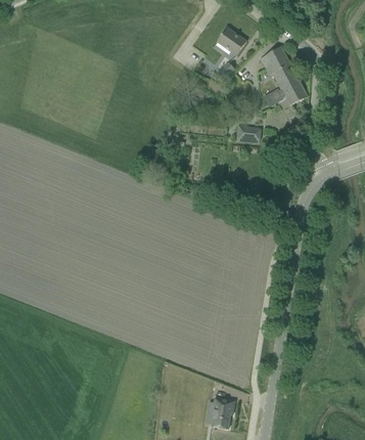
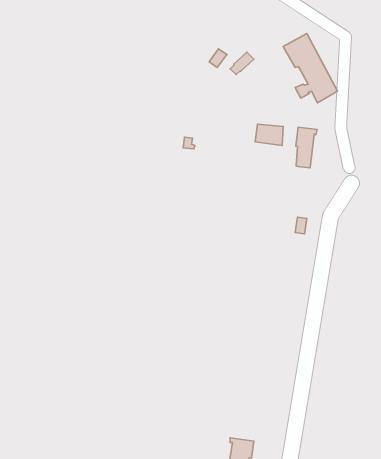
building: [215,26,245,54] -> none
building: none -> [296,127,317,168]

